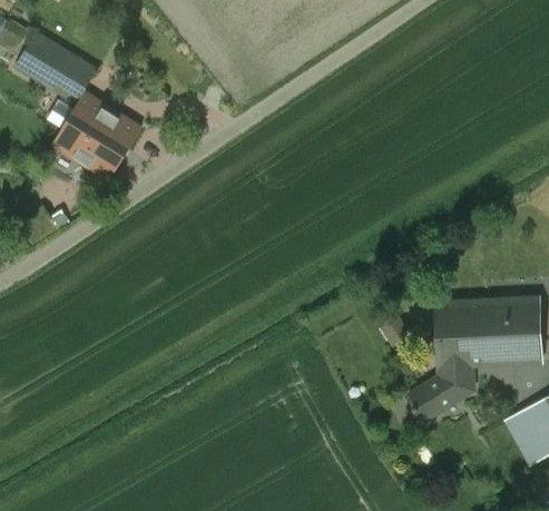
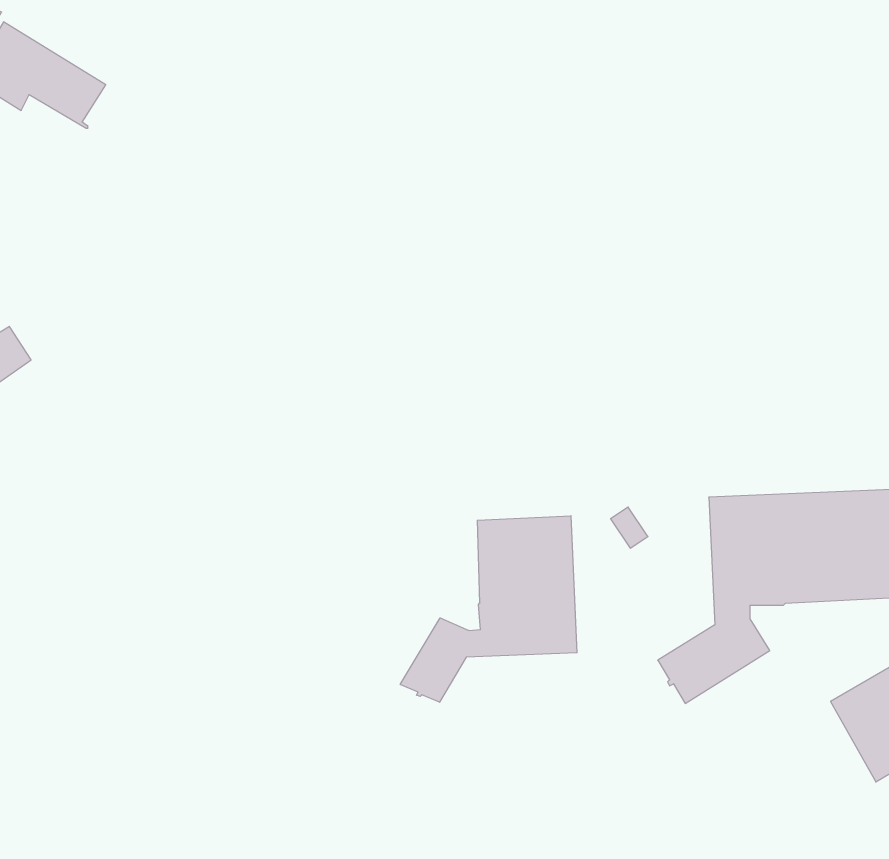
building: [53,92,141,179] -> none
building: none -> [400,516,577,702]

